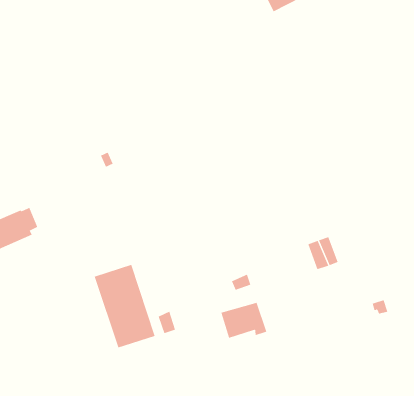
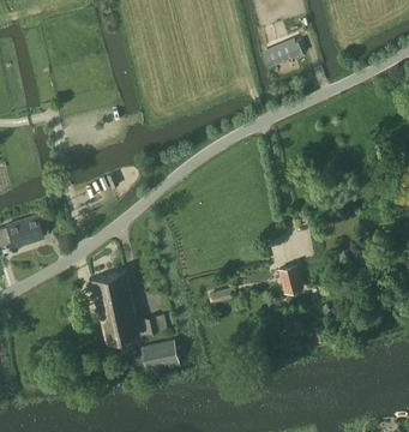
building: [220,302,267,338] -> [142,340,180,368]

